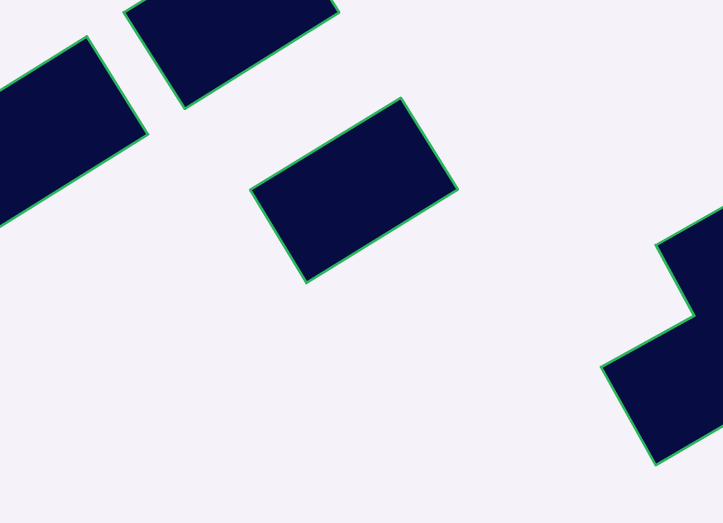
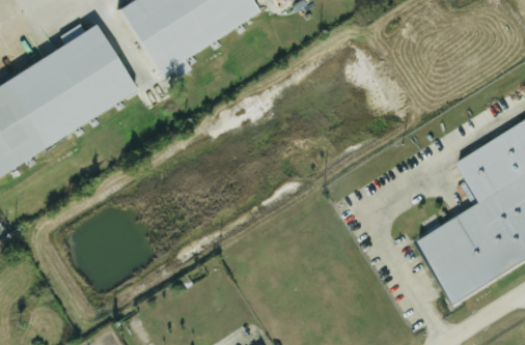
building: [250,98,458,283] -> none

